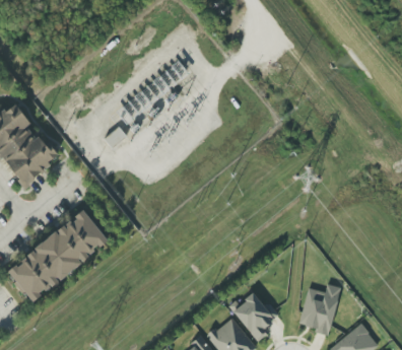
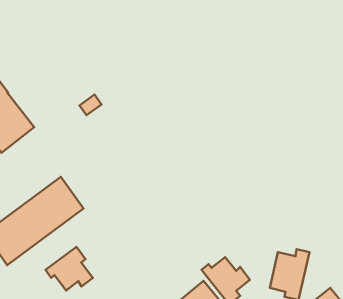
building: none -> [45,247,93,291]

